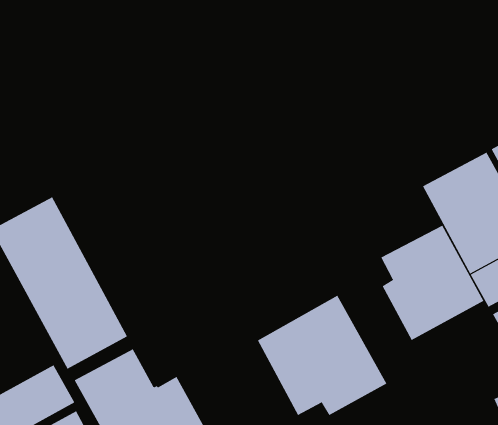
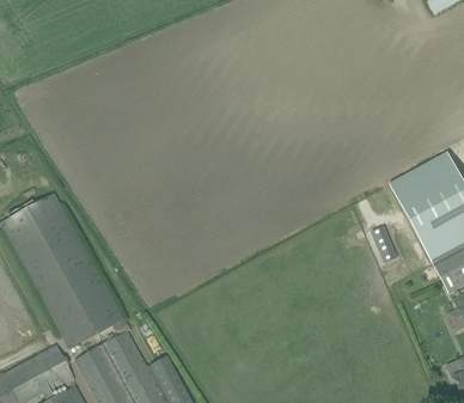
building: [381,225,484,341] -> none
building: [257,295,387,416] -> none

